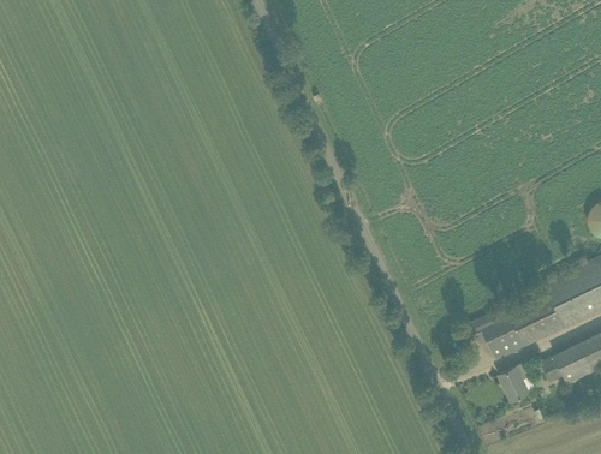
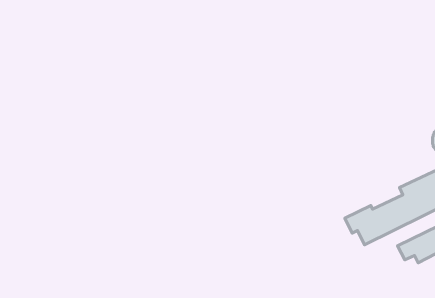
building: [499,363,536,401] -> none

